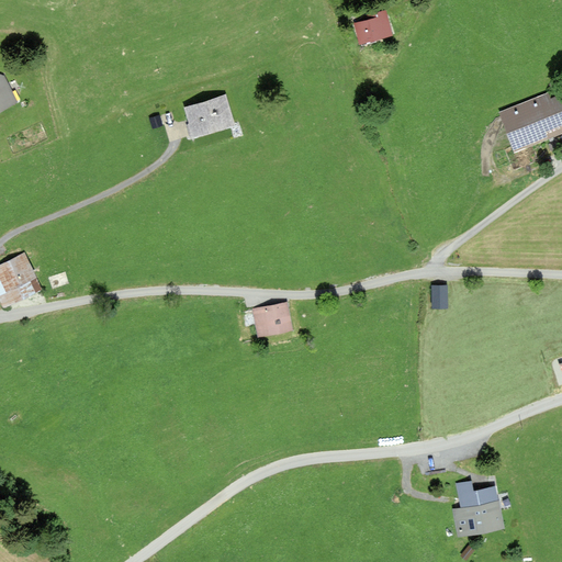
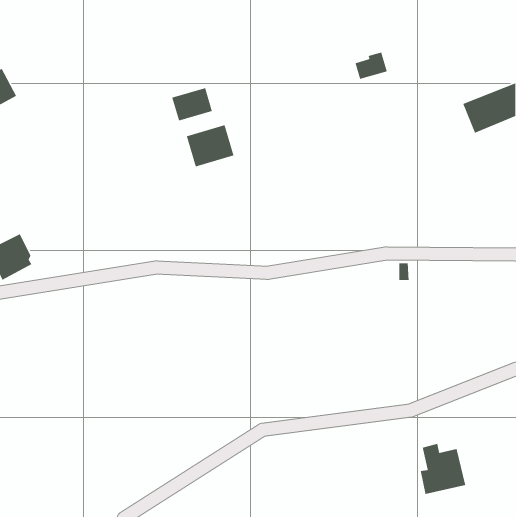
building: [353,11,390,42] -> [354,52,388,80]
building: none -> [186,124,234,167]
building: [252,304,289,334] -> none

